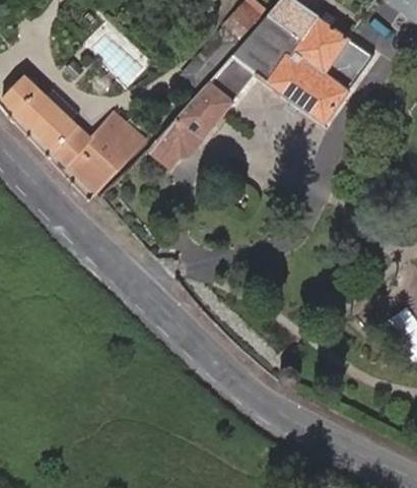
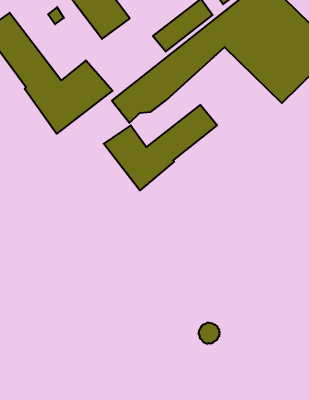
building: none -> [104,105,217,190]

